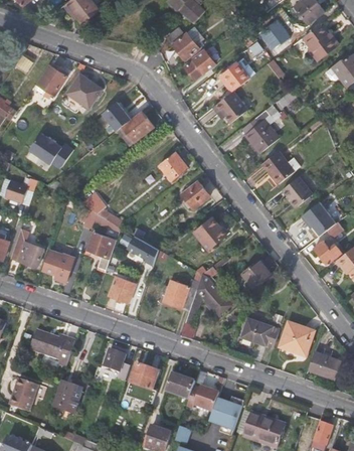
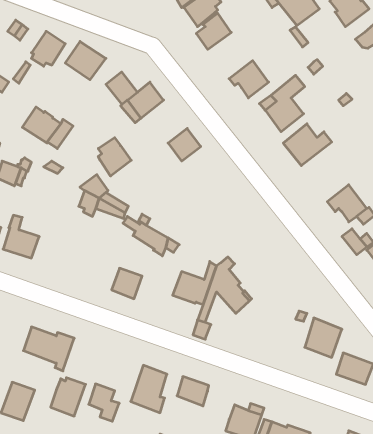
building: [221,63,248,90] -> none
building: none -> [98,138,131,176]
building: [282,176,312,206] -> none
building: [181,180,209,208] -> none
building: [192,215,226,250] -> none
building: [86,232,116,270] -> none
building: [42,251,73,282] -> none
building: [240,258,272,289] -> none
building: [240,317,279,348] -> none
building: [103,347,130,381] -> [89,384,119,421]
building: [186,386,218,411] -> none

